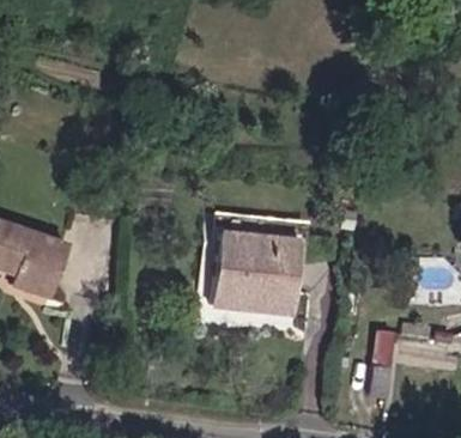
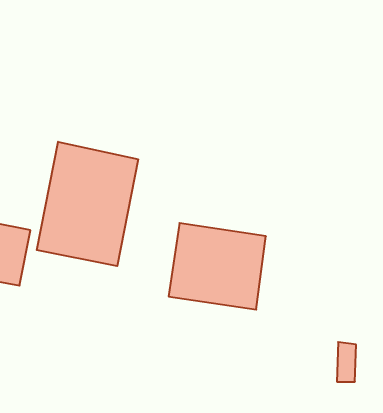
building: none -> [37,142,138,266]

